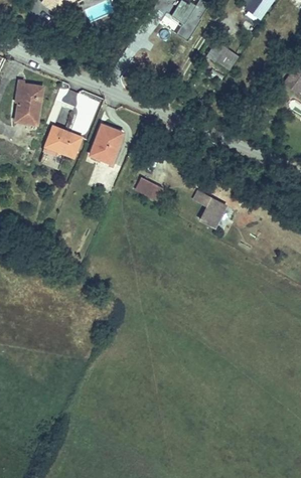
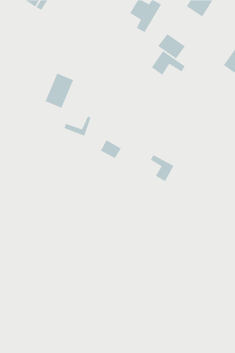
building: none -> [151,50,186,76]
building: [16,78,44,125] -> none
building: [91,123,123,160] -> none
building: [43,129,82,156] -> none

